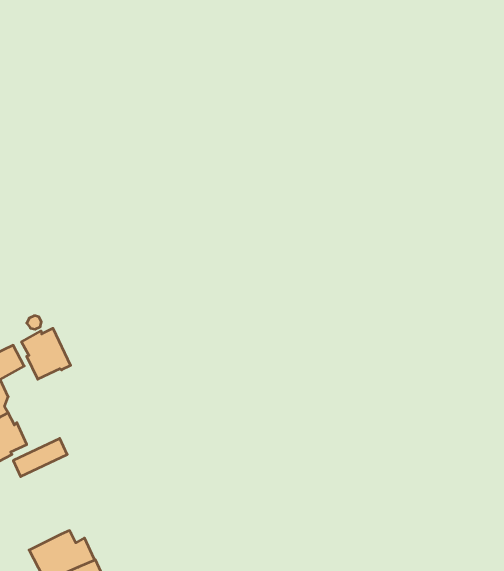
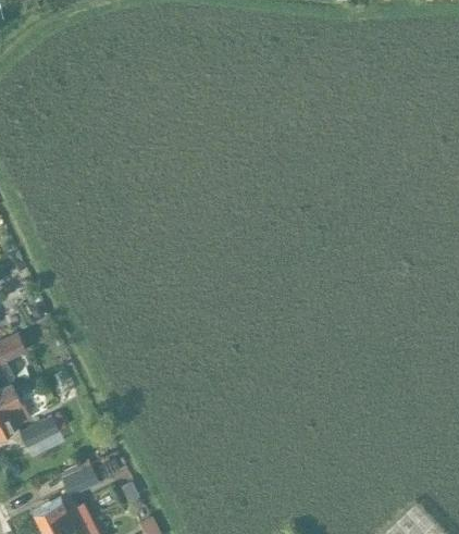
building: [22,328,71,379] -> none
building: none -> [60,464,99,497]

